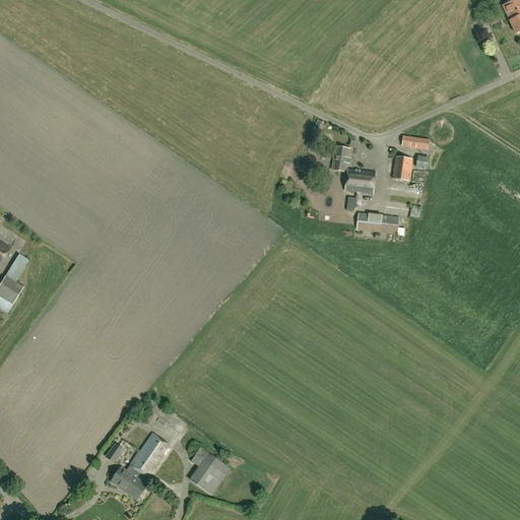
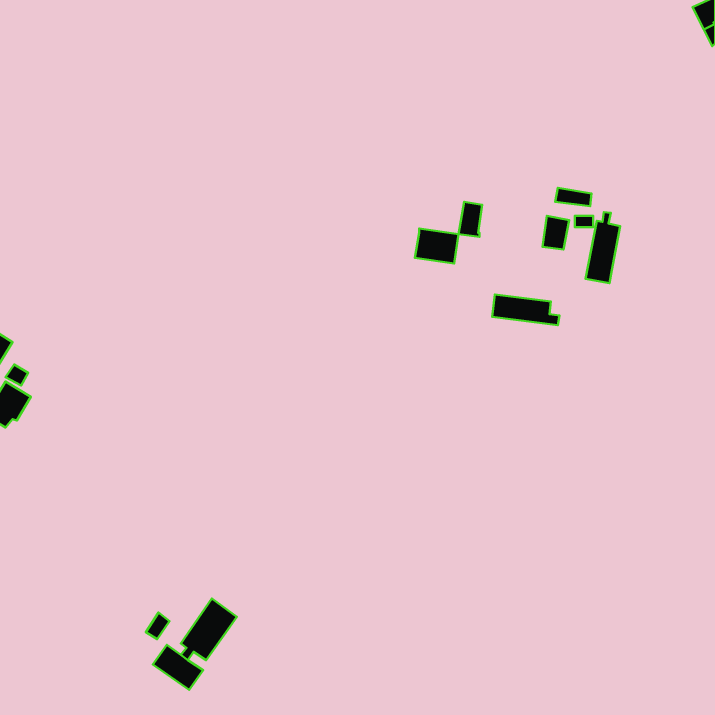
building: none -> [585,212,620,283]
building: [344,169,376,194] -> [415,229,458,264]
building: [189,447,231,495] -> none

